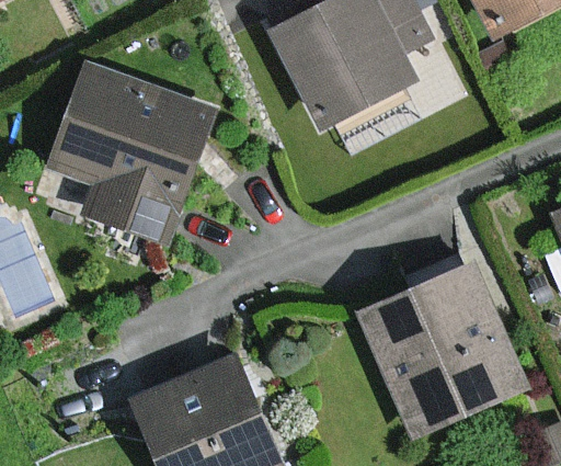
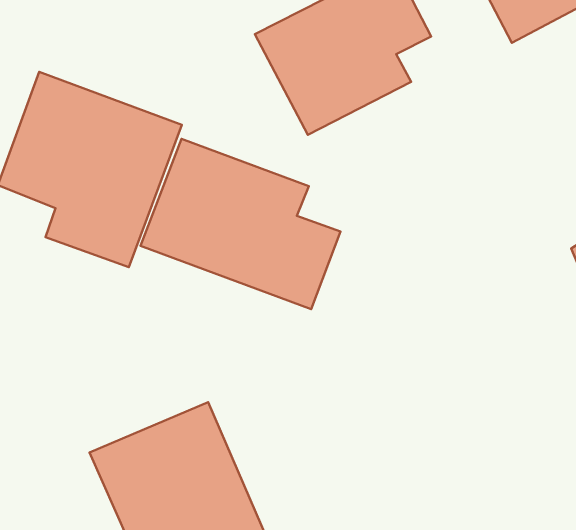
building: none -> [140,139,340,309]
building: [362,265,524,433] -> none

